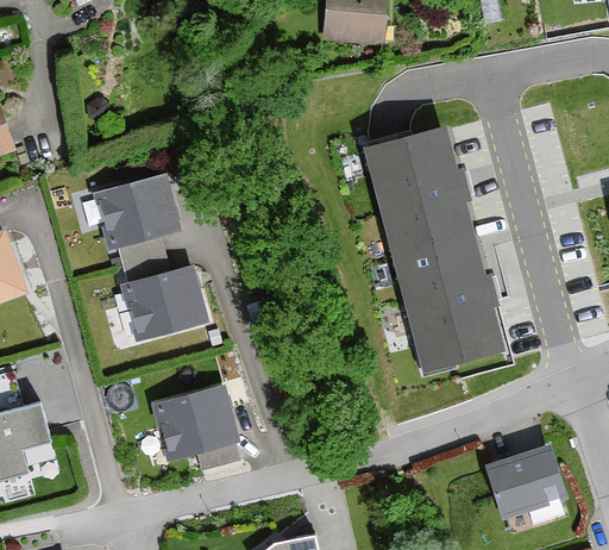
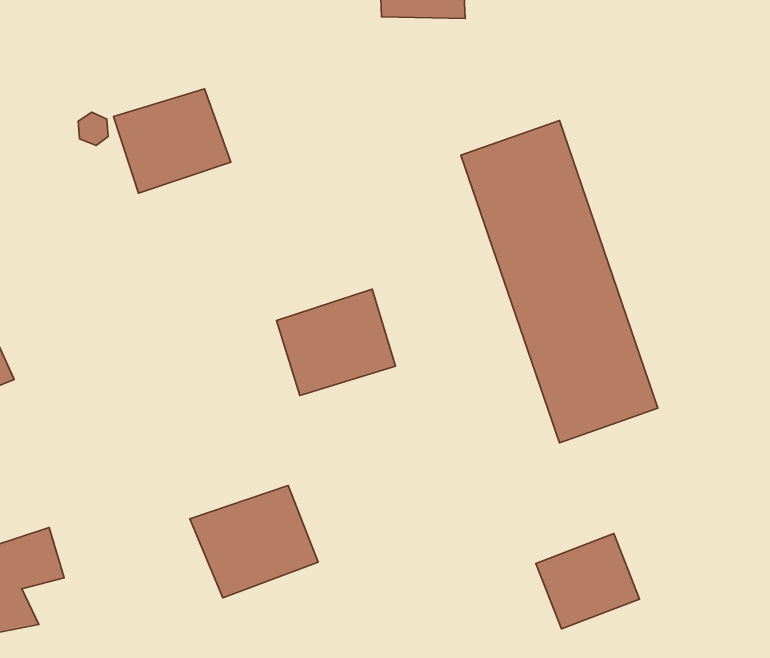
building: [95,176,180,250] -> [113,89,231,193]
building: [121,267,207,342] -> [277,289,396,396]
building: [491,445,566,513] -> [536,534,640,629]

